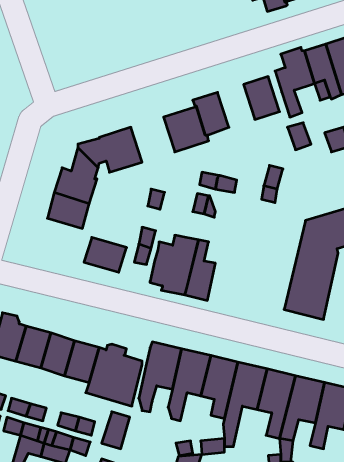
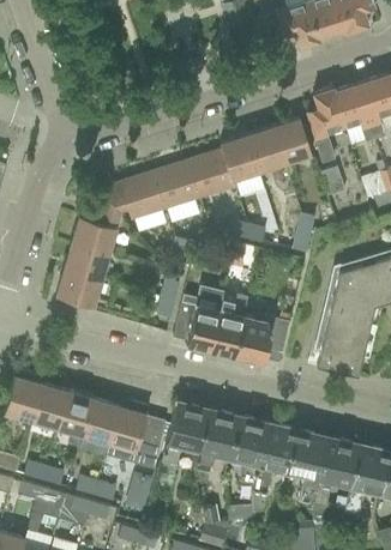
building: none -> [245,126,284,171]
building: none -> [152,161,199,208]
building: [84,237,127,272] -> [55,268,101,306]
building: none -> [234,316,288,363]

